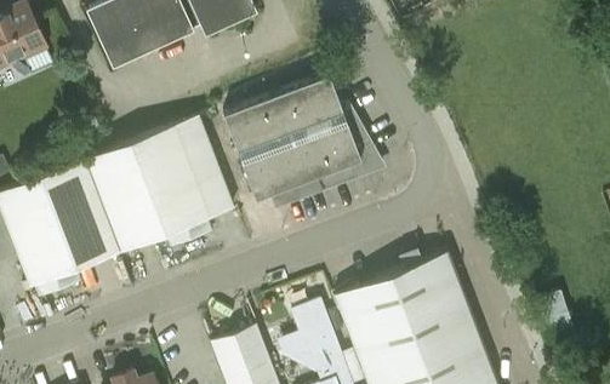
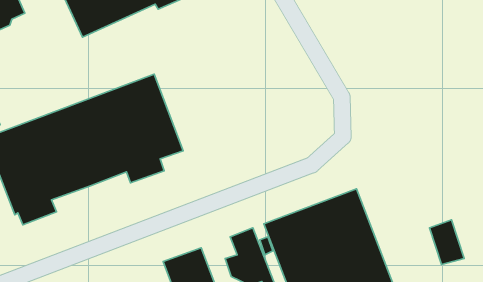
building: [223,76,387,211] -> none

